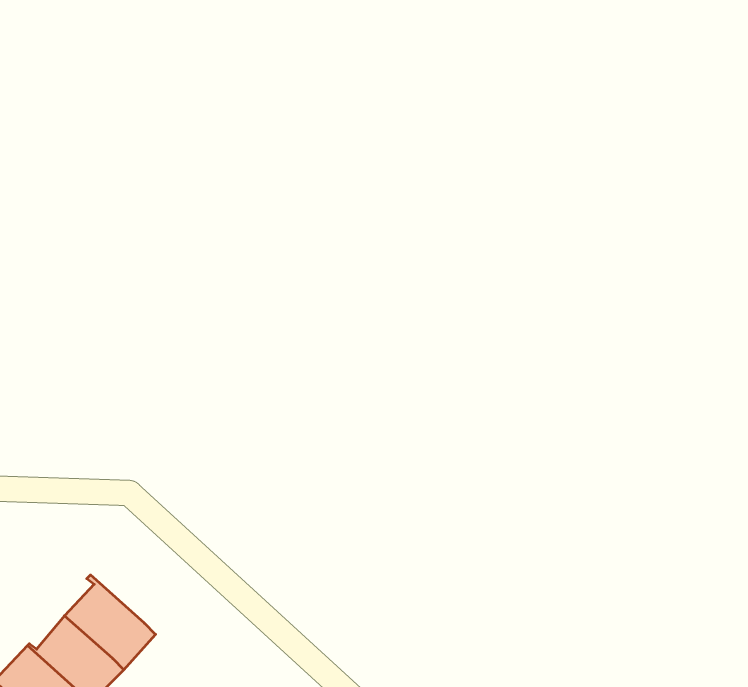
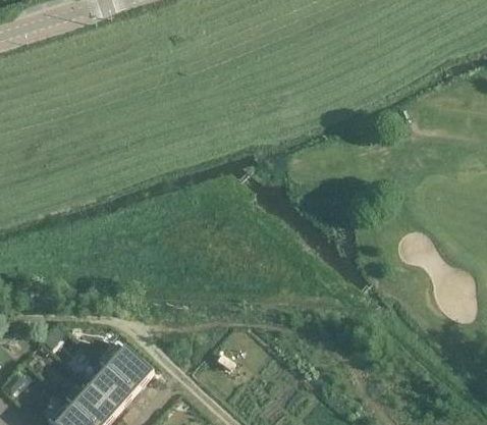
building: none -> [94,341,148,393]

